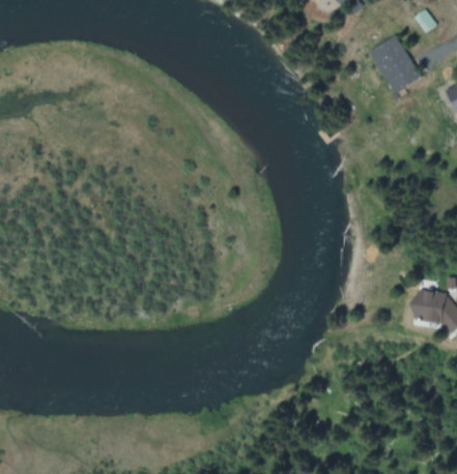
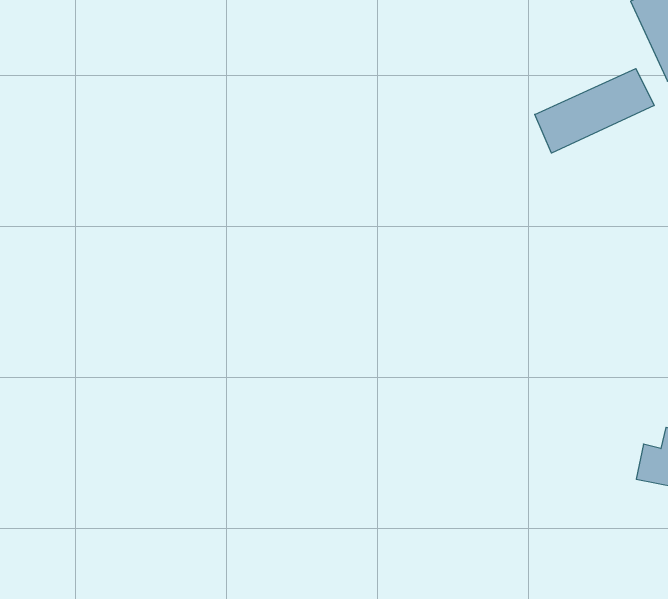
building: none -> [535,69,654,153]

